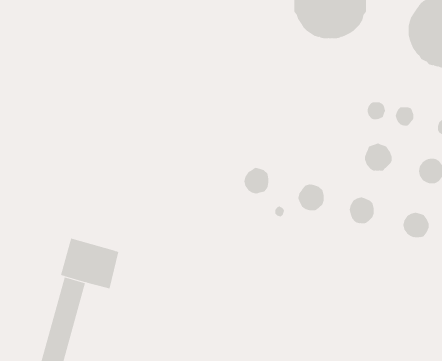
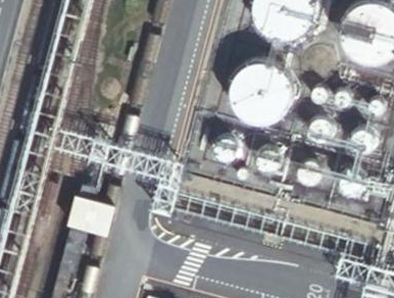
building: none -> [232,63,294,125]

